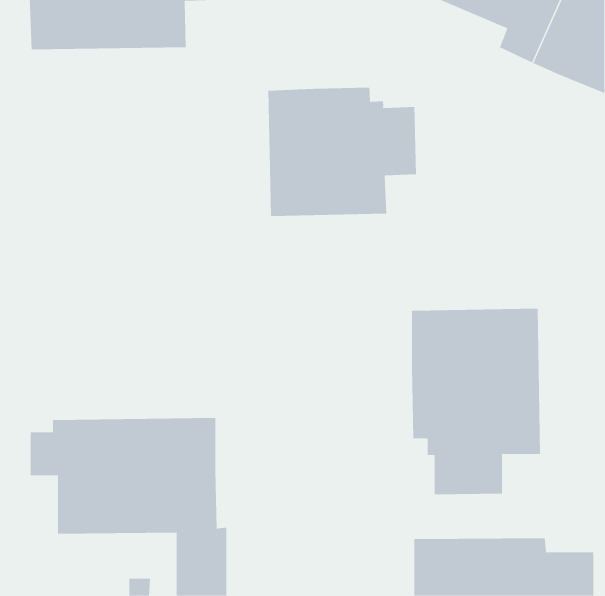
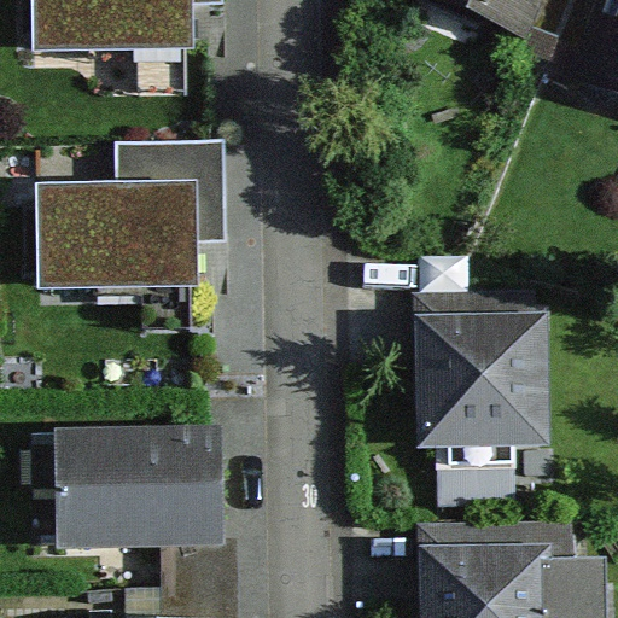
building: [268,87,416,217] -> none
building: none -> [34,132,223,291]

